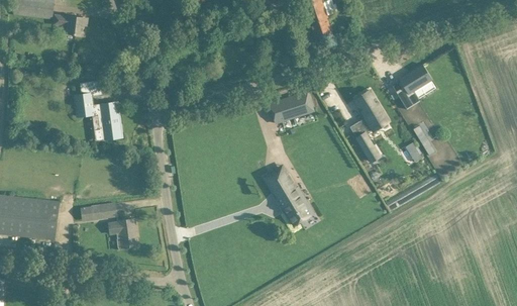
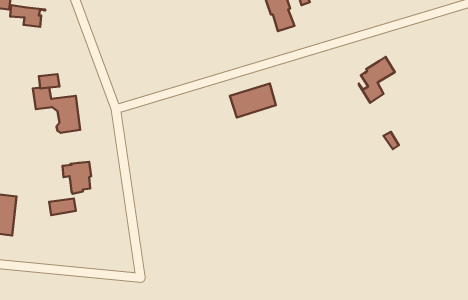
building: [349,90,389,162] -> none
building: [264,174,314,225] -> none
building: [109,219,137,250] -> [62,162,91,194]

